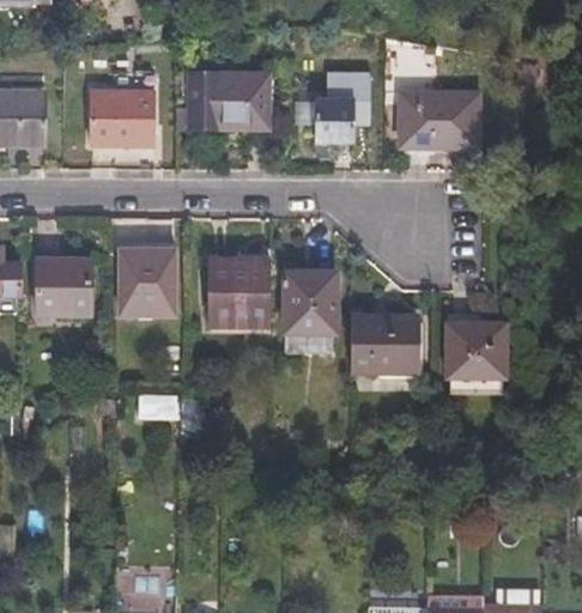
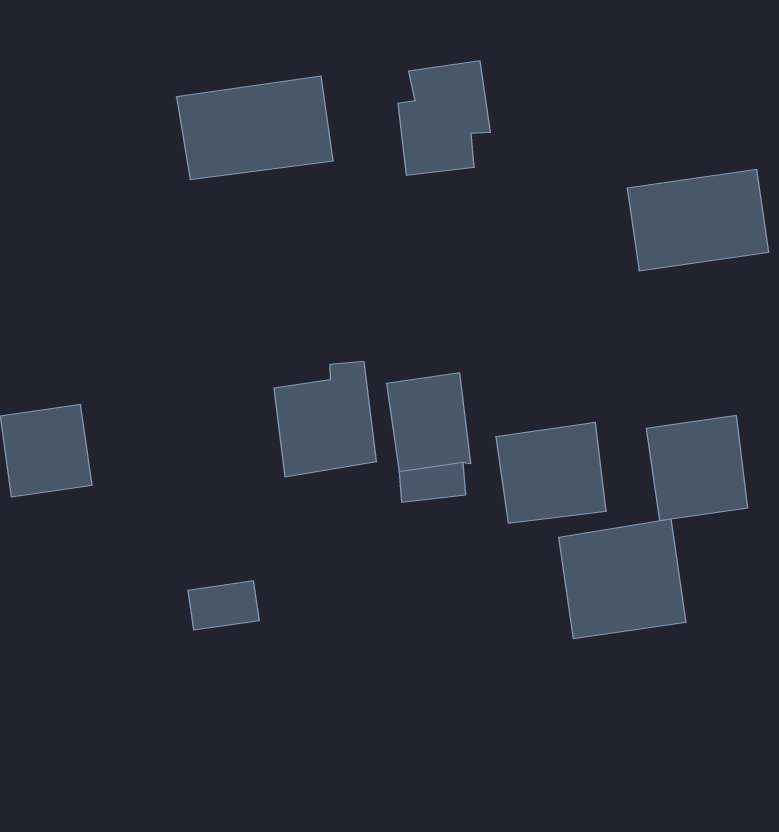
building: [95,92,163,146] -> none
building: [399,93,481,146] -> [627,170,769,271]
building: [120,242,176,308] -> none
building: none -> [559,519,686,639]

